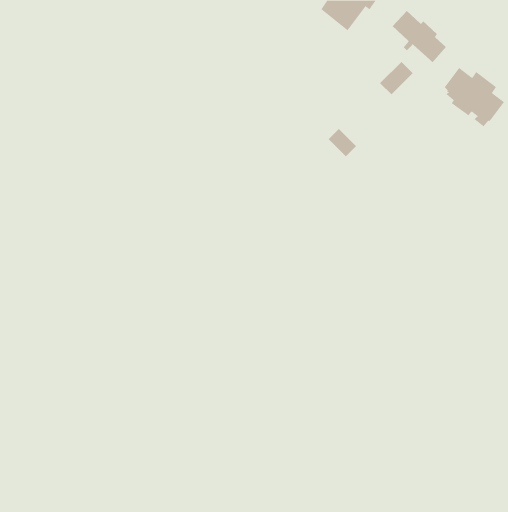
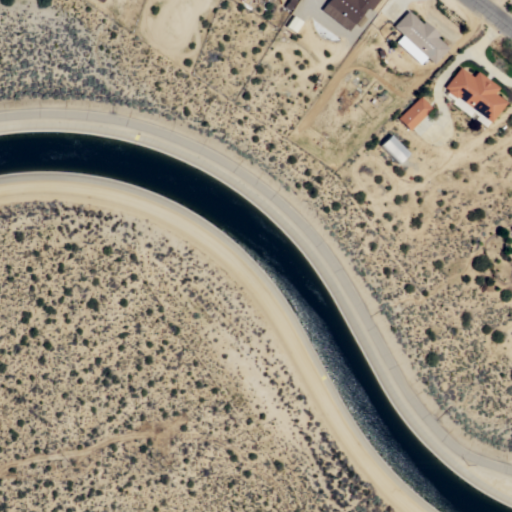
building: [379,61,413,95] -> [400,96,434,130]
building: [328,128,357,157] -> [382,134,411,163]

